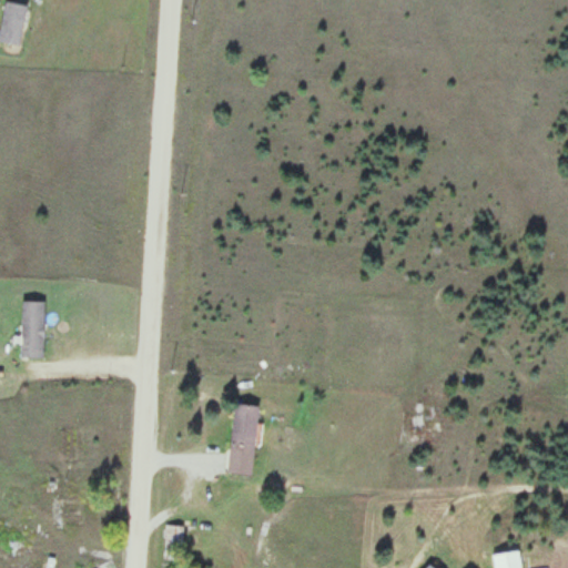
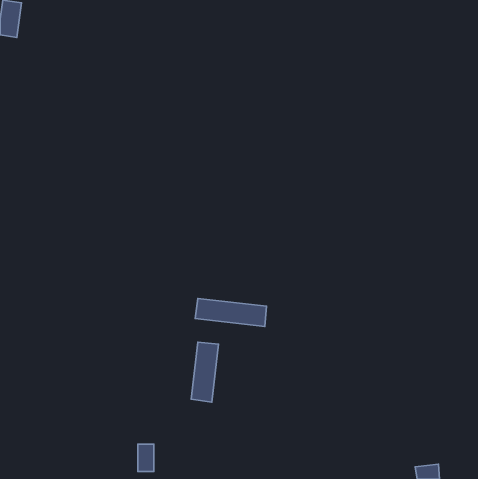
building: [21,301,44,357] -> none
building: none -> [195,299,266,326]

